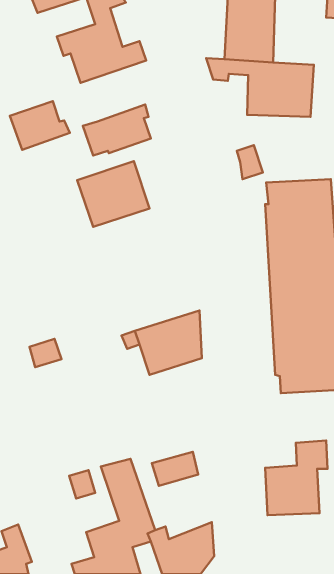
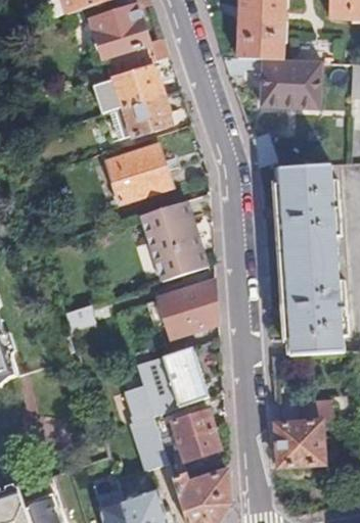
building: [10,101,70,150] -> [112,66,167,110]
building: none -> [142,201,209,282]
building: none -> [137,347,209,415]
building: none -> [179,429,220,460]

